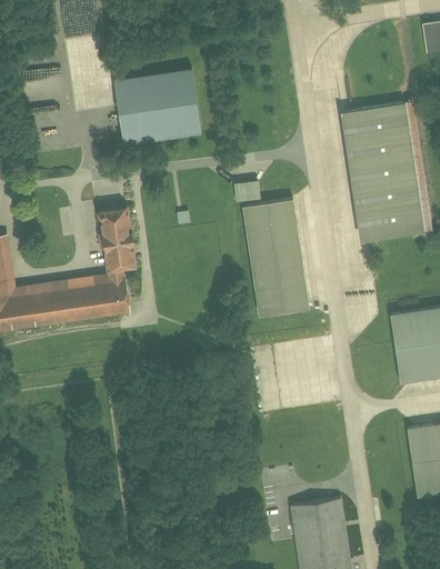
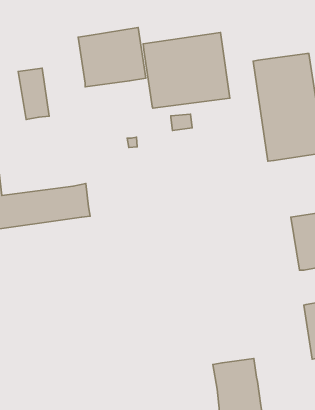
building: none -> [143,33,230,108]
building: [243,200,310,317] -> none
building: [98,208,138,274] -> [18,68,49,120]

